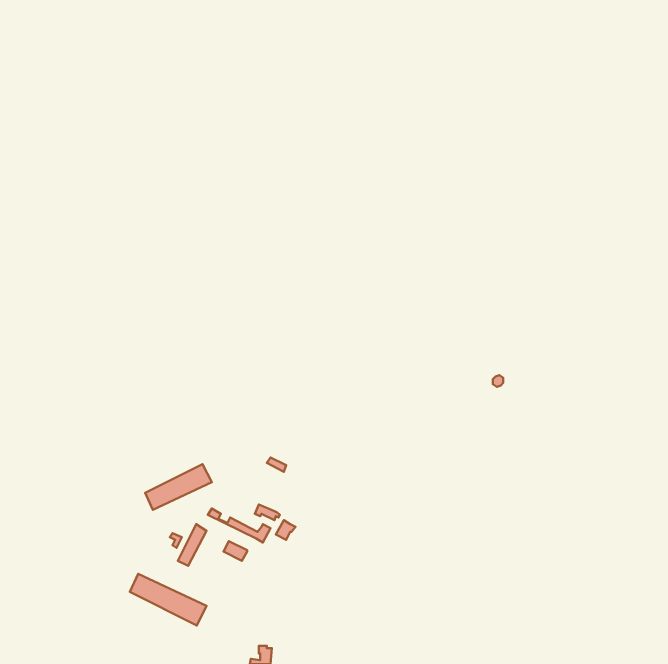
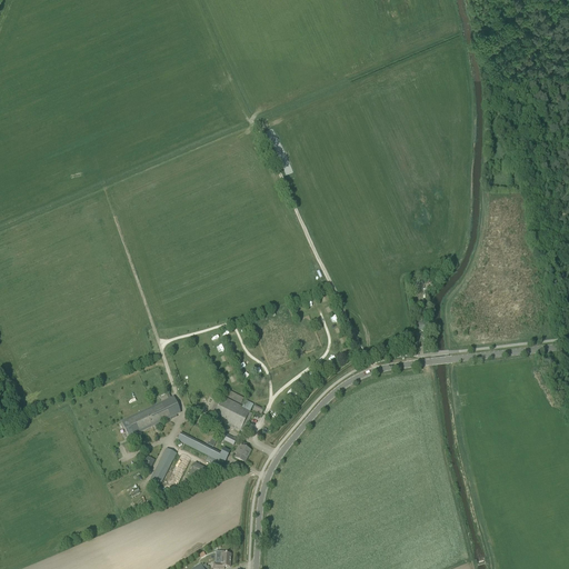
building: none -> [212,395,250,428]
building: [130,574,207,625] -> none

